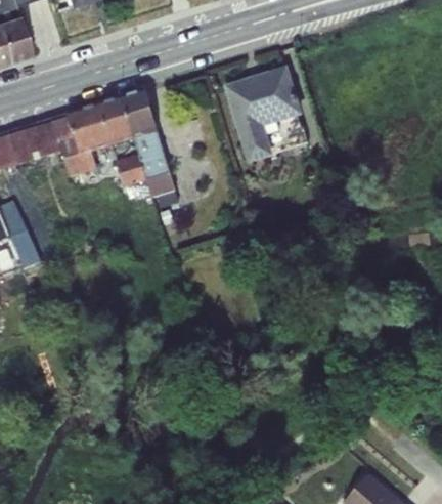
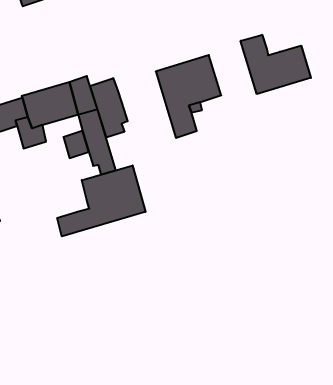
building: none -> [241,35,311,94]
building: none -> [90,78,128,138]
building: none -> [57,165,146,236]

